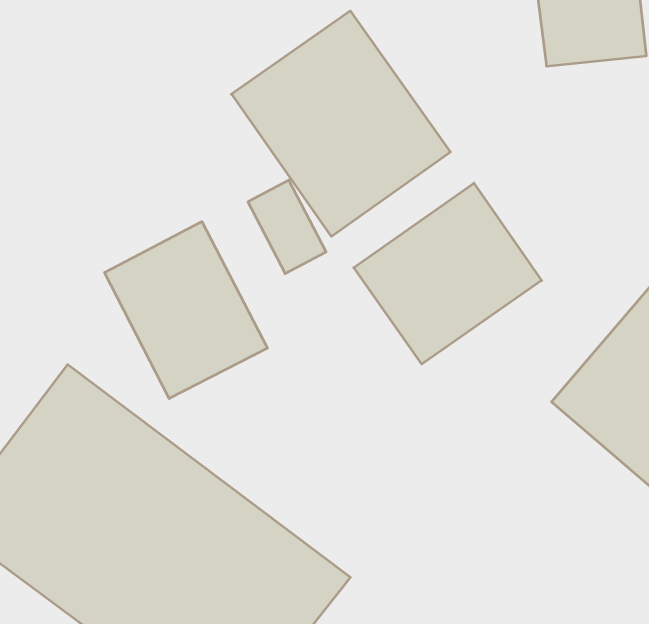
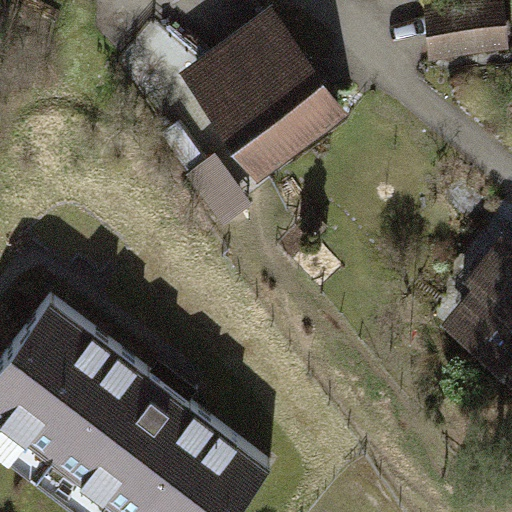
building: [354,183,542,364] -> none
building: [105,222,267,399] -> none

